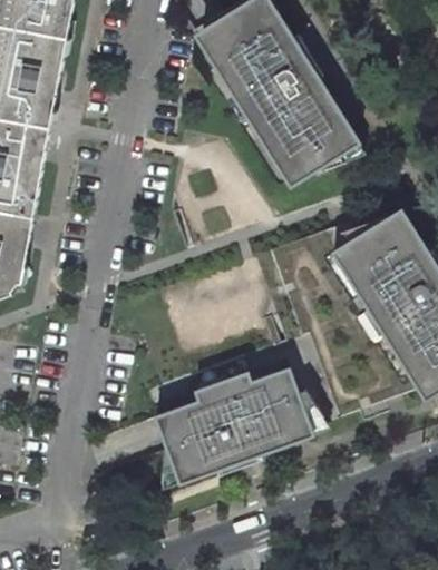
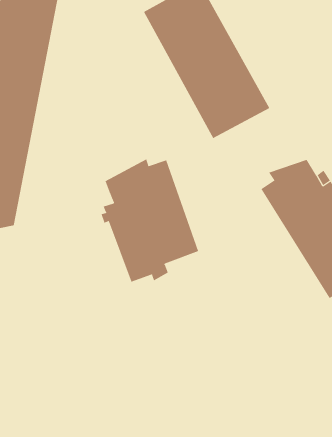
building: none -> [101,159,199,283]
building: [155,366,314,481] -> none

